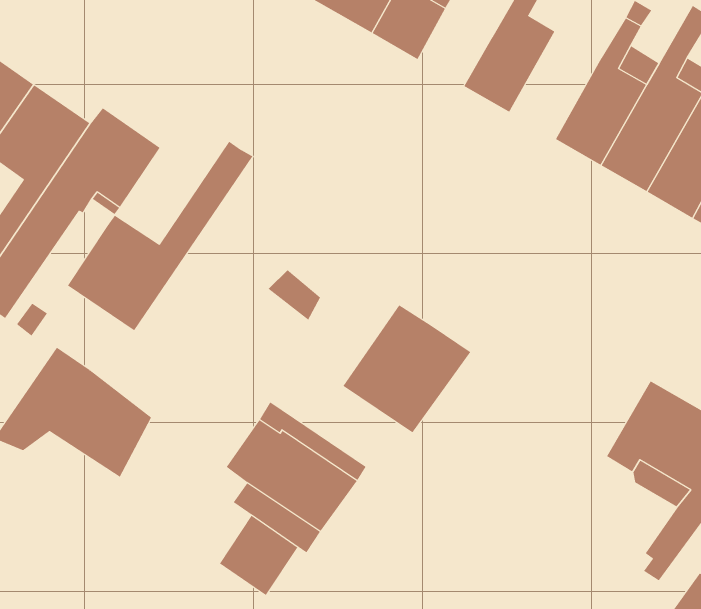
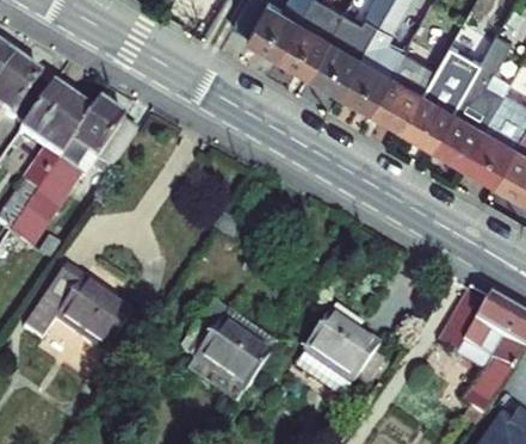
building: none -> [311,35,361,87]
building: none -> [373,50,435,123]
building: [67,141,253,331] -> none
building: [342,305,471,433] -> [291,310,378,397]
building: [219,515,298,596] -> none

